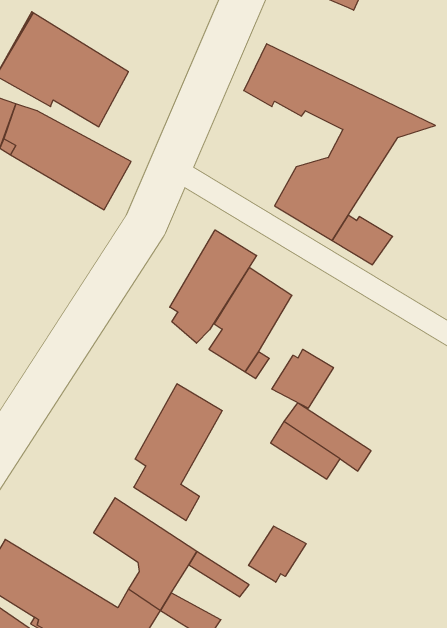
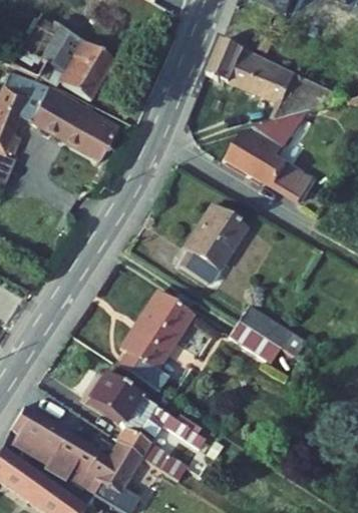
building: [170,230,257,343] -> none
building: [272,349,333,408] -> none
building: [249,526,306,582] -> none

